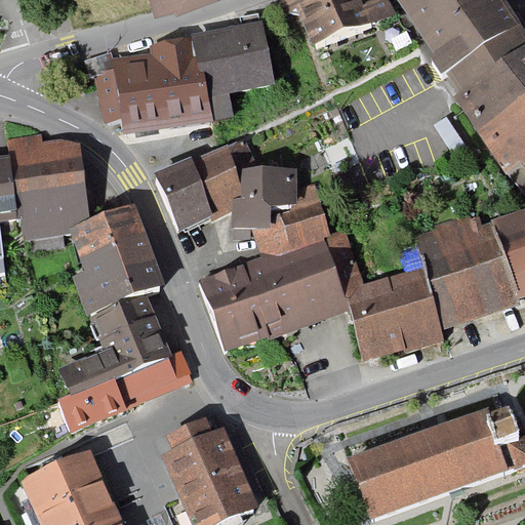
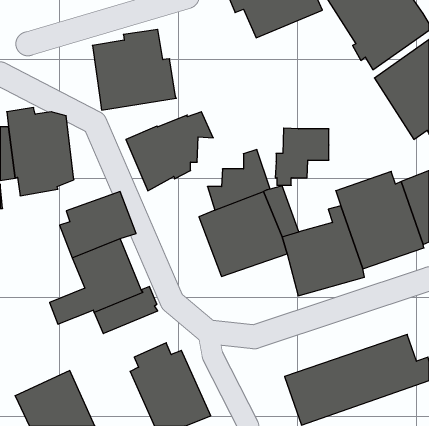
building: [193,24,275,118] -> none
building: [86,50,122,122] -> none
building: [232,167,297,237] -> [275,128,329,185]
building: [70,203,147,257] -> none
building: [199,265,270,351] -> none
building: [58,378,127,432] -> none

